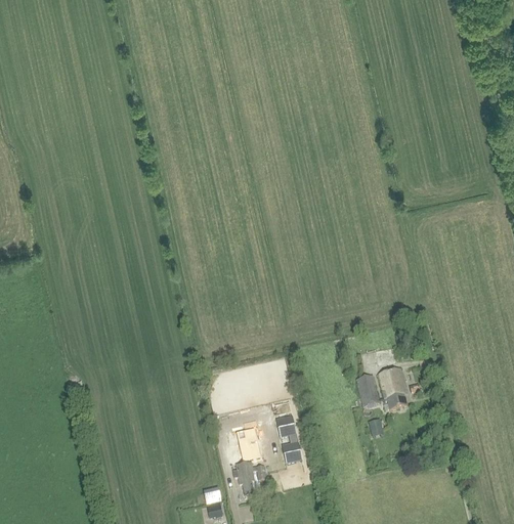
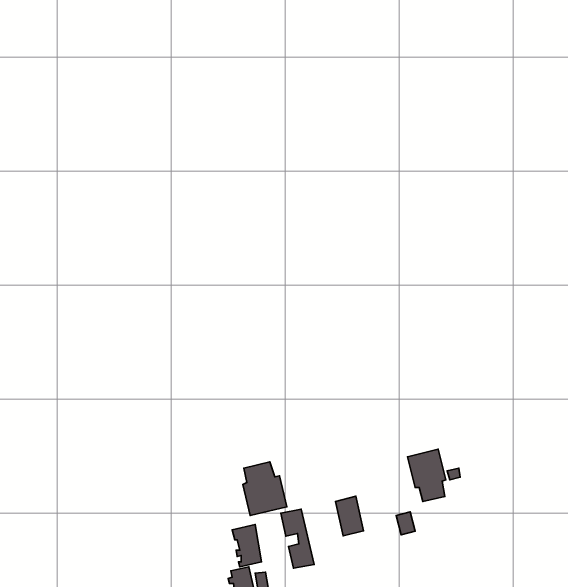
building: [355,374,378,405] -> [335,496,364,536]
building: none -> [243,462,287,516]

